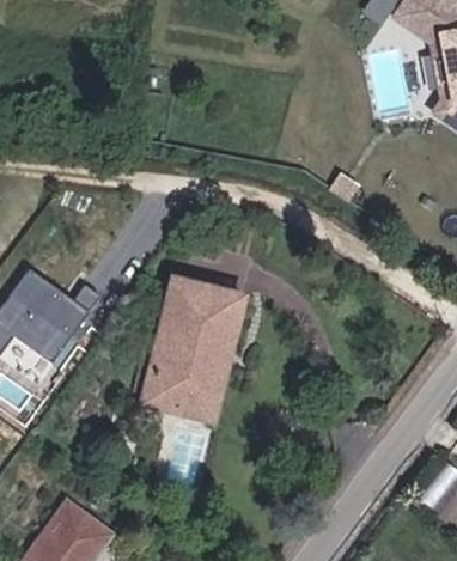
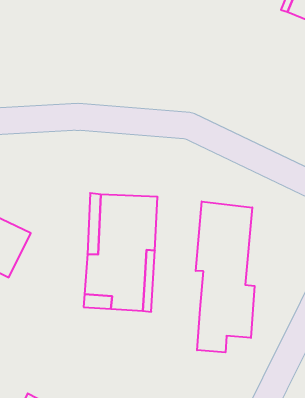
building: none -> [196,201,255,352]

